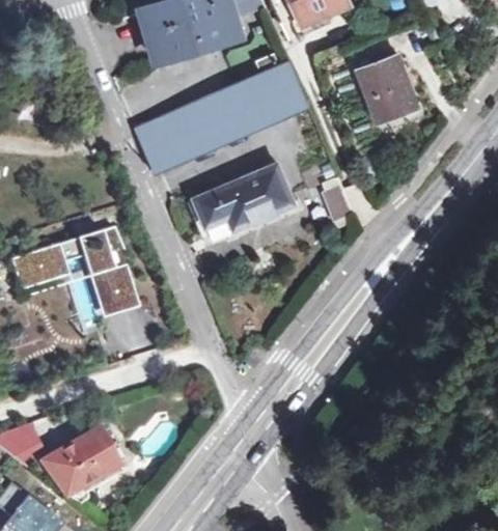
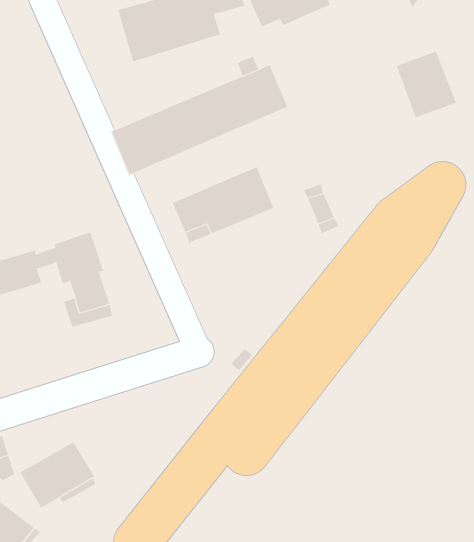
building: [358,56,417,121] -> [396,51,457,118]

